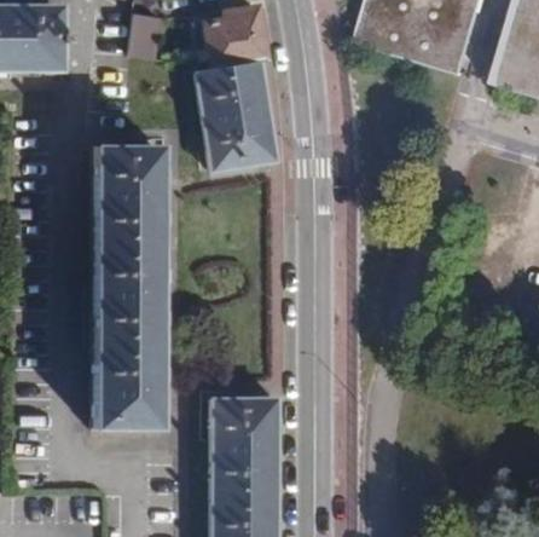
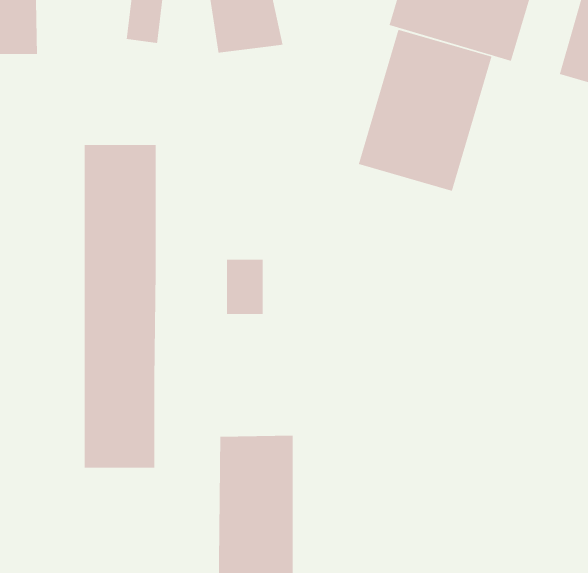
building: none -> [358,29,493,192]
building: [197,62,274,171] -> none
building: none -> [226,259,264,315]

